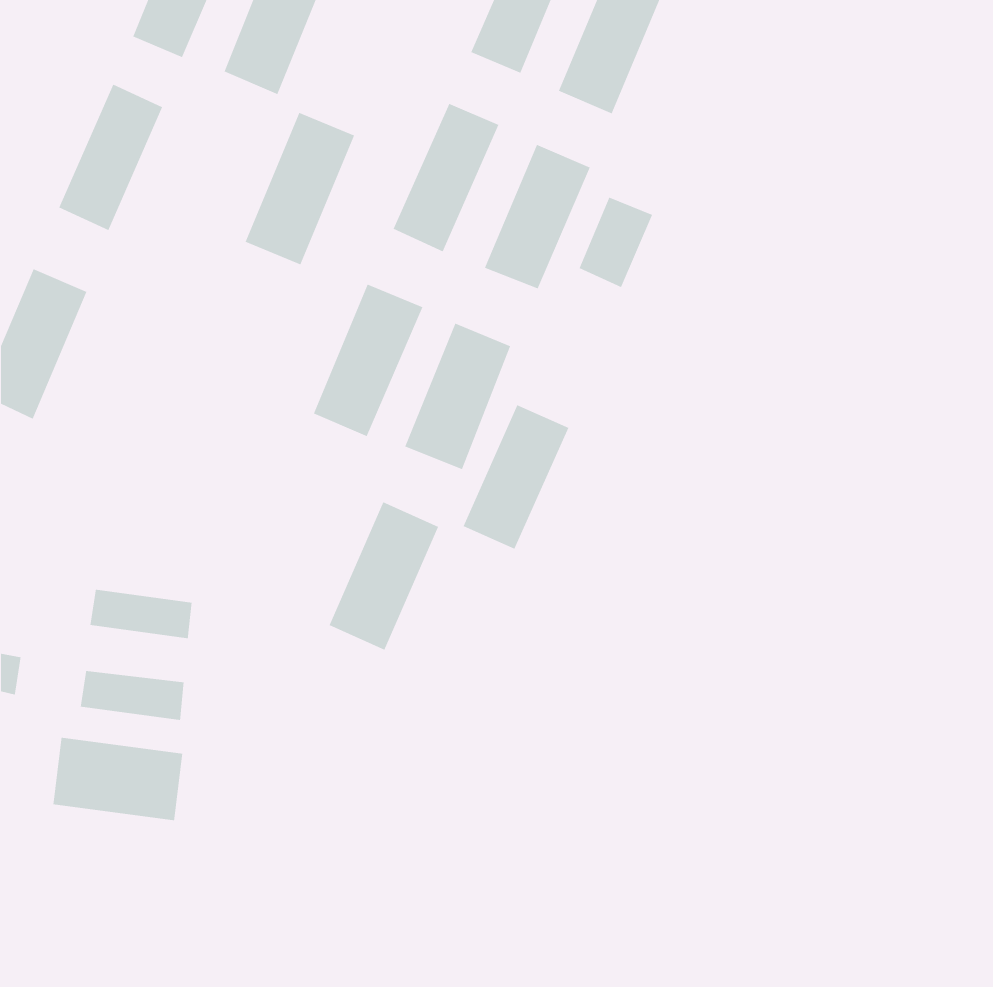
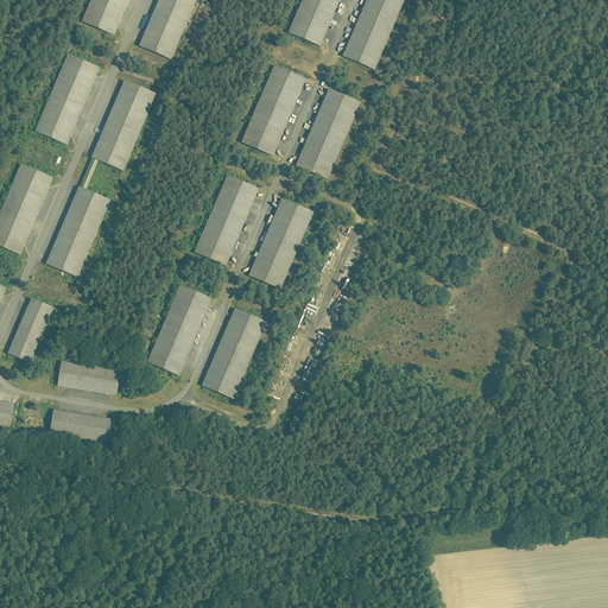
building: [244,112,355,265] -> [89,77,157,171]
building: [578,196,653,288] -> none
building: none -> [45,185,113,279]
building: [462,404,569,550] -> [146,284,211,373]
building: none -> [7,297,55,363]
building: [53,737,183,821] -> none

